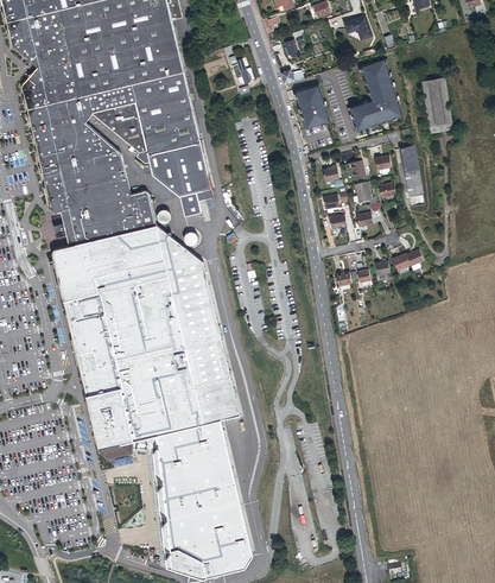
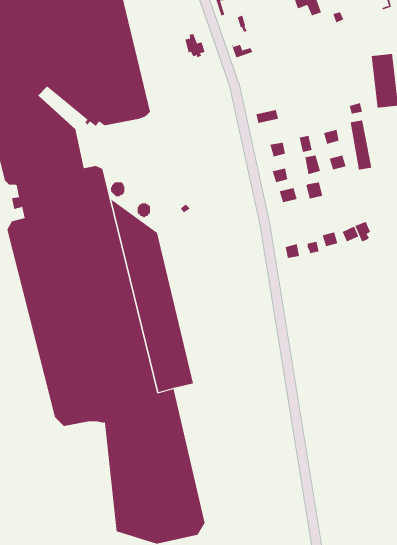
building: [347,57,402,131] -> none
building: [296,84,330,128] -> none
building: [138,138,211,216] -> none

